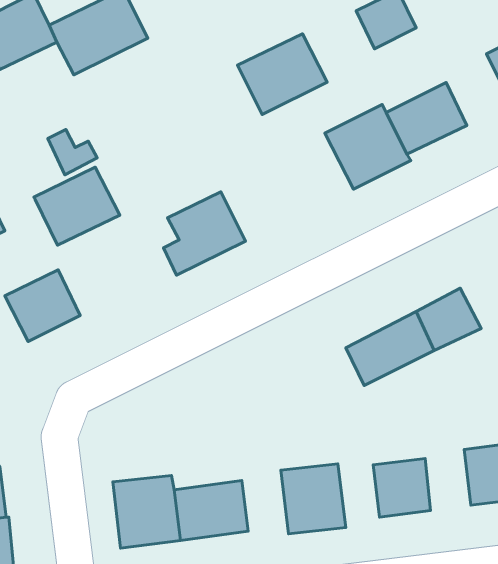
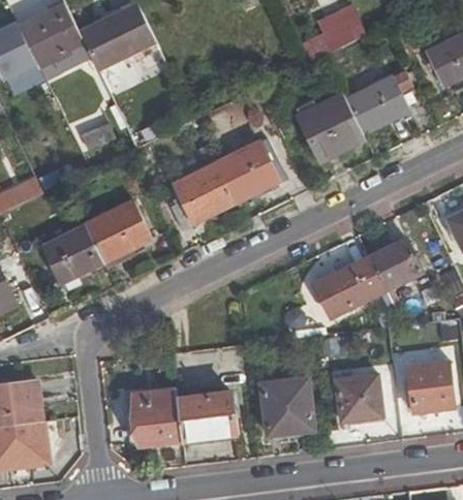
building: [237,34,327,115] -> [214,138,285,202]
building: [34,167,120,245] -> [84,199,152,261]

